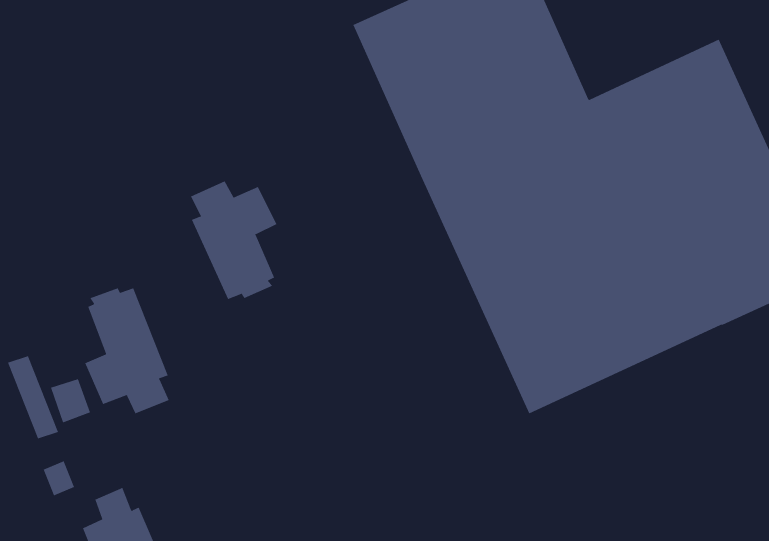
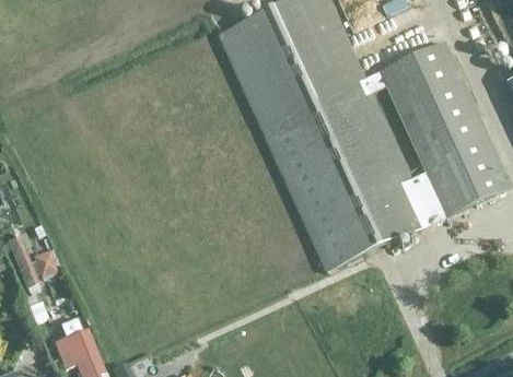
building: [190,181,277,300] -> none
building: [84,287,170,414] -> none

